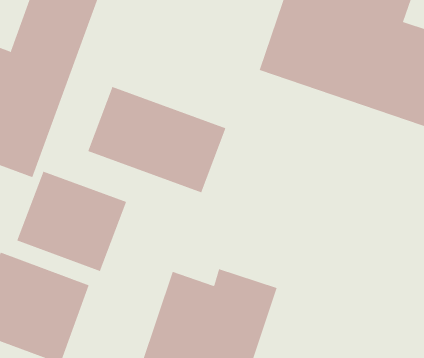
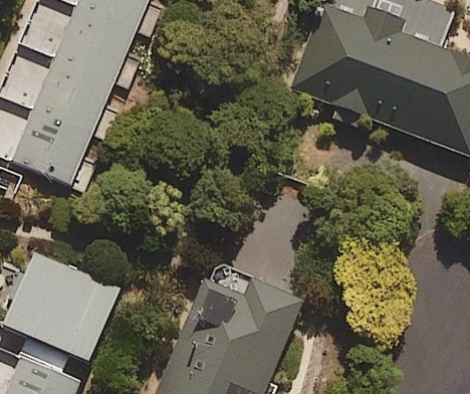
building: [87,86,226,193] -> none
building: [17,171,127,272] -> none

